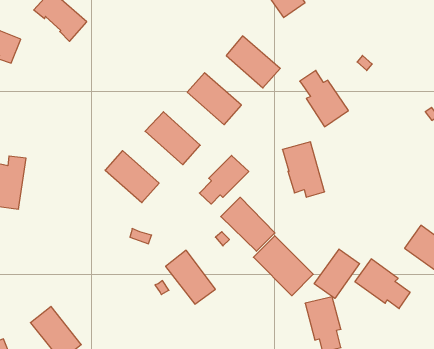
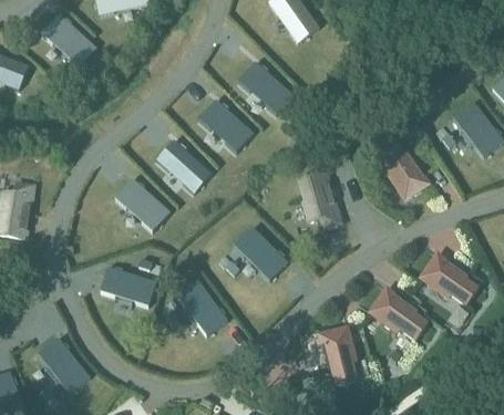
building: [300,70,348,127] -> [379,142,429,199]
building: [199,155,249,204] -> none
building: [253,236,313,296] -> none
building: none -> [100,266,156,307]
building: [314,249,360,298] -> none

